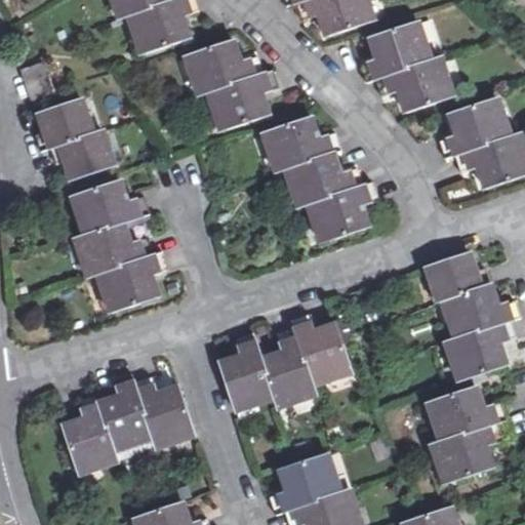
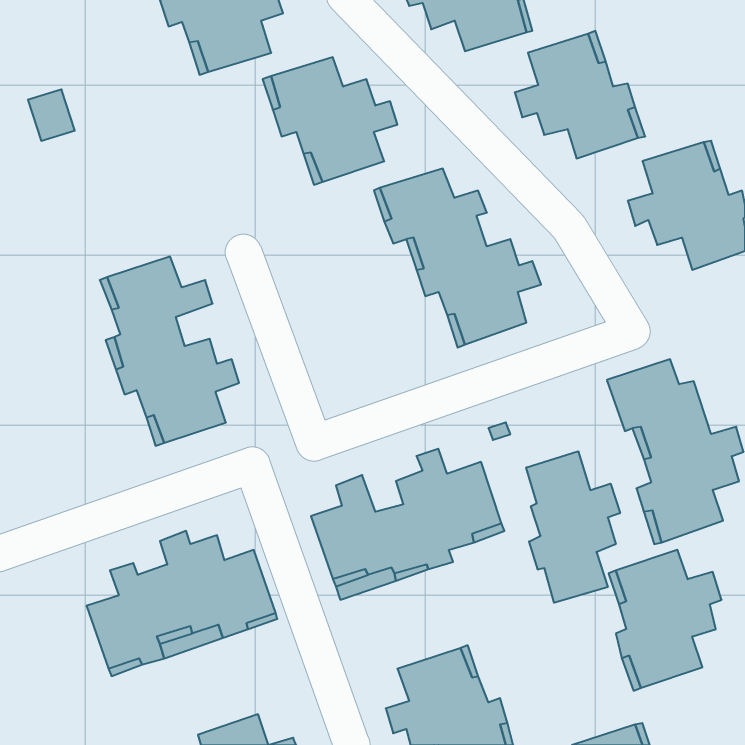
building: [35,98,114,179] -> none
building: none -> [526,451,620,603]

